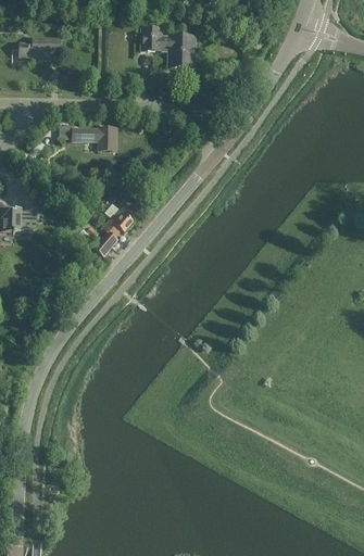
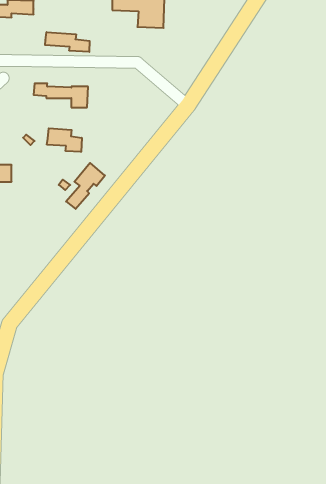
building: none -> [45,32,90,52]
building: none -> [47,128,82,152]

